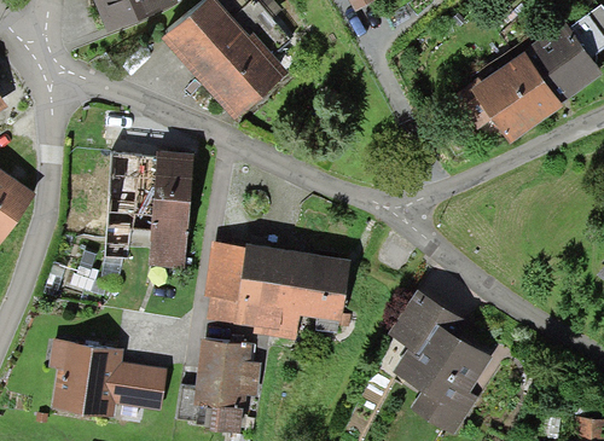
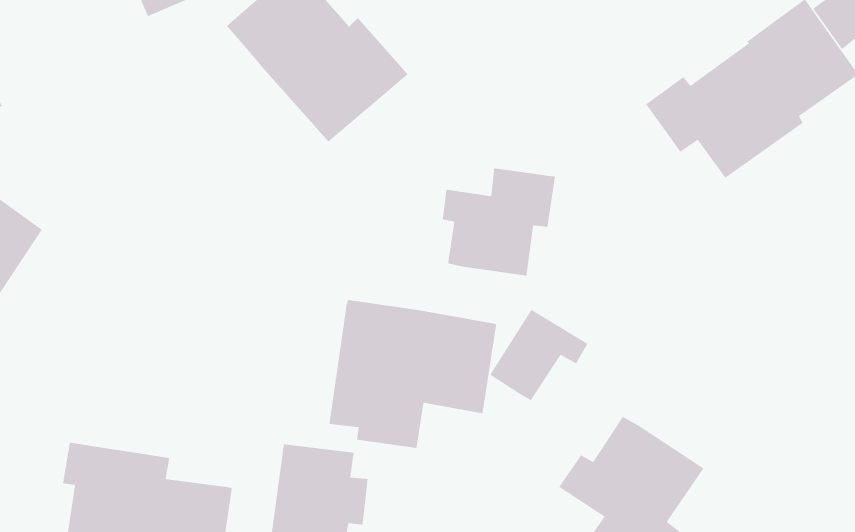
building: [100,133,193,267] -> none
building: none -> [442,168,556,277]
building: [204,234,245,323] -> none
building: [388,284,457,348] -> [489,309,589,401]

